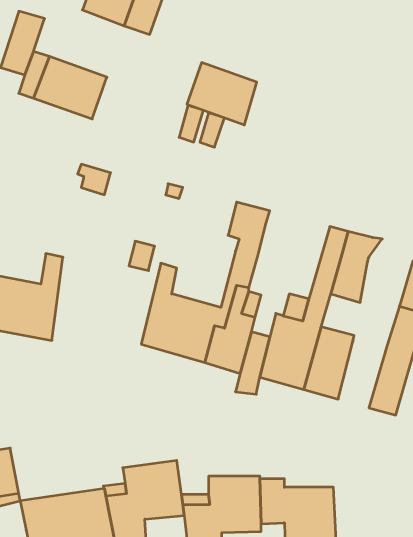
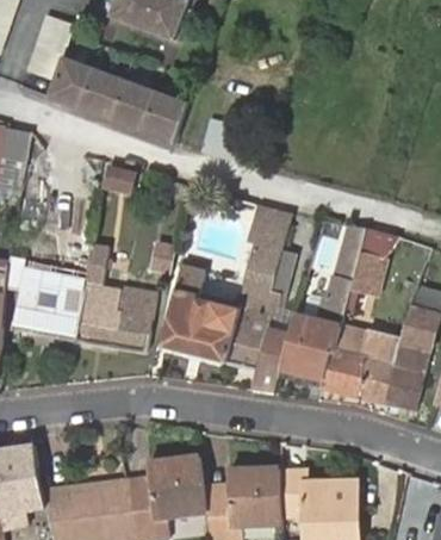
building: [187,63,257,125] -> [117,82,185,143]
building: none -> [77,242,156,352]
building: none -> [356,334,404,404]

